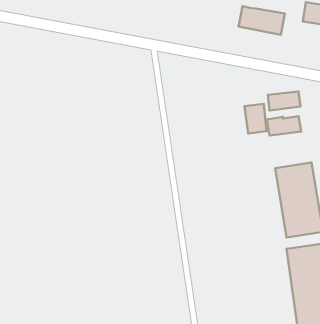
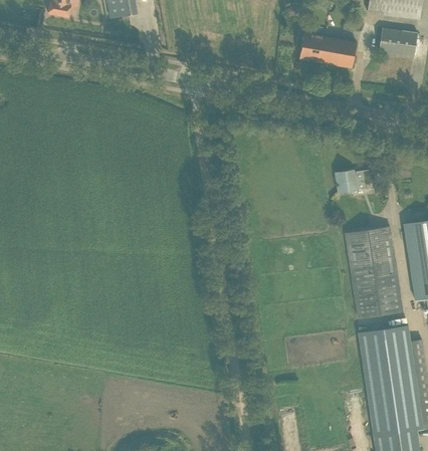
building: [268,92,301,110] -> none
building: [245,104,267,134] -> none

